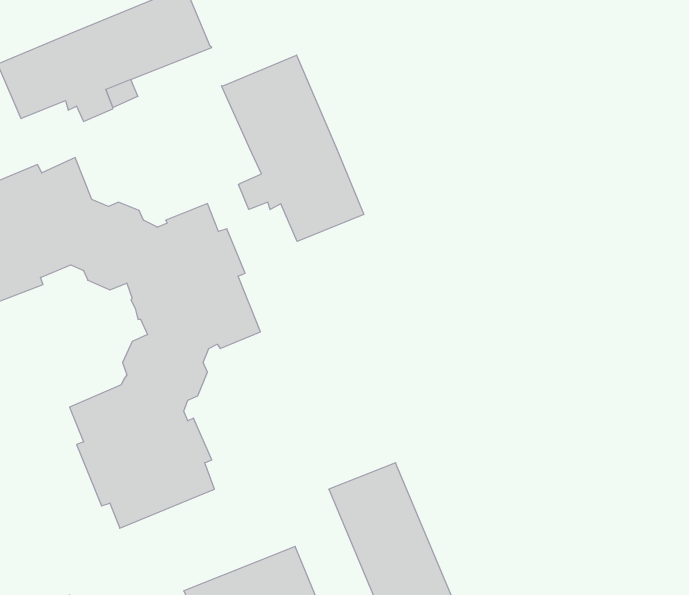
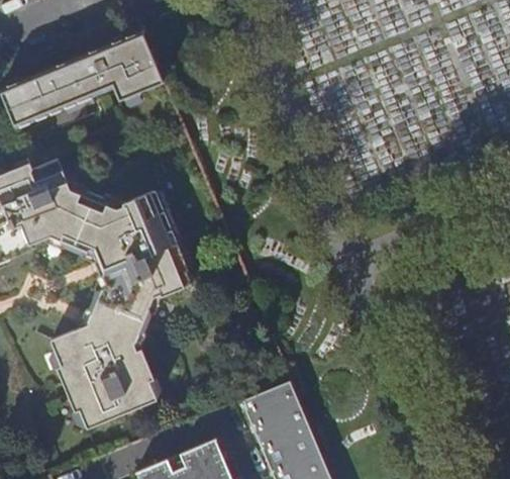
building: [222,55,364,241] -> none

